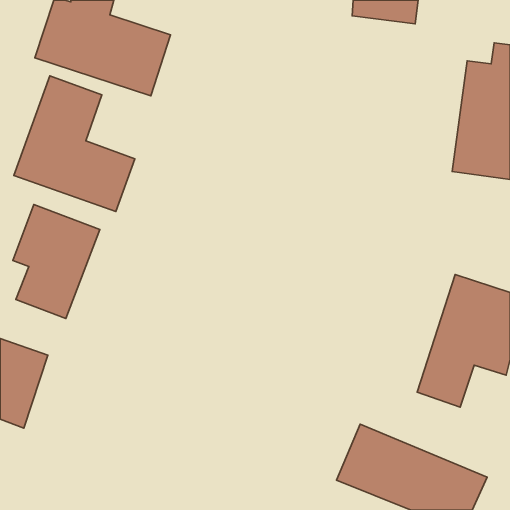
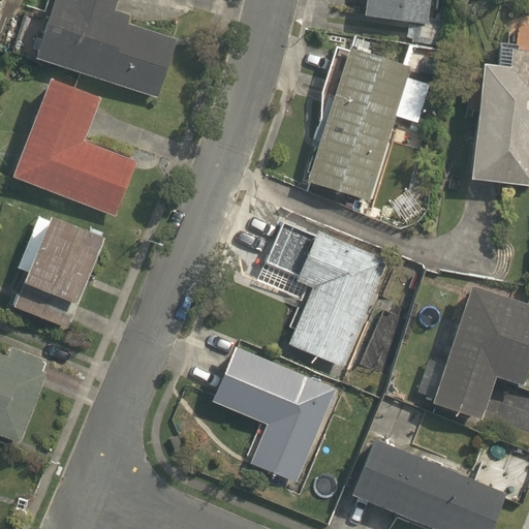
building: none -> [307,48,408,200]
building: none -> [263,217,383,364]
building: none -> [211,340,341,485]

